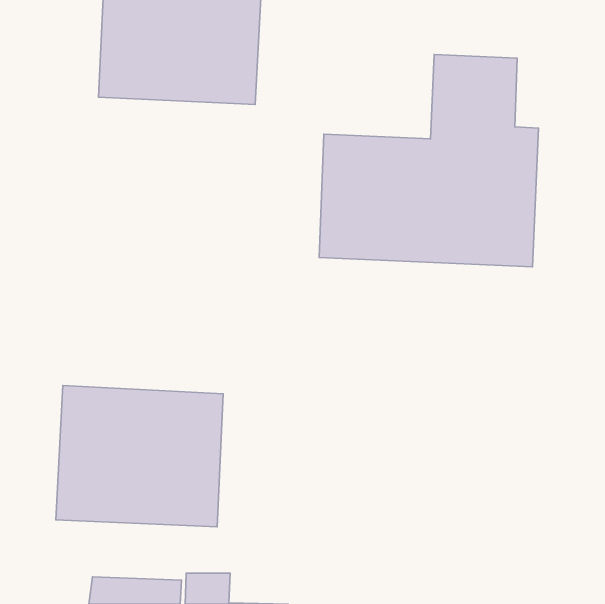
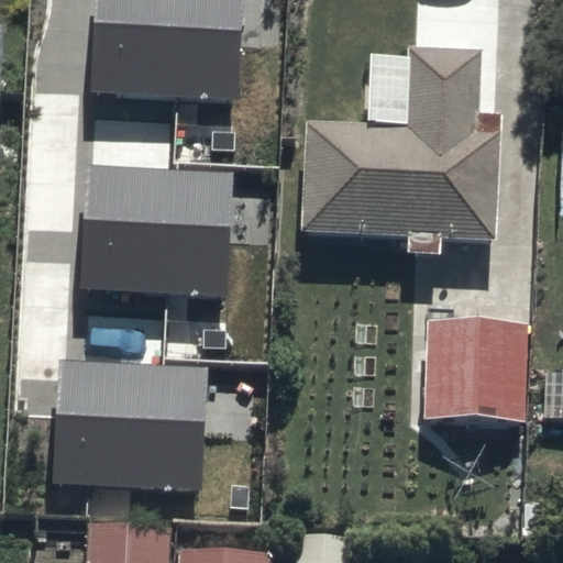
building: none -> [81,162,232,296]
building: none -> [421,332,526,432]

